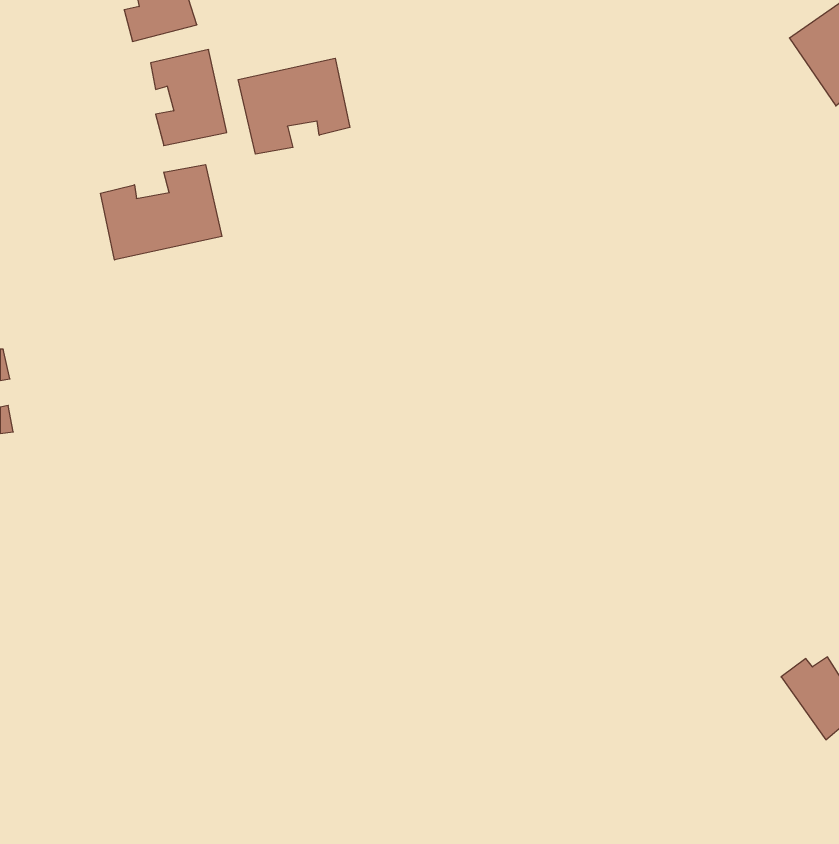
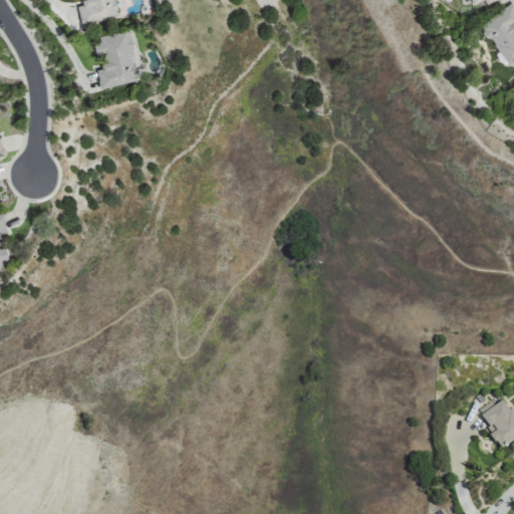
building: [238,58,350,154] -> none
building: [101,165,222,260] -> none

